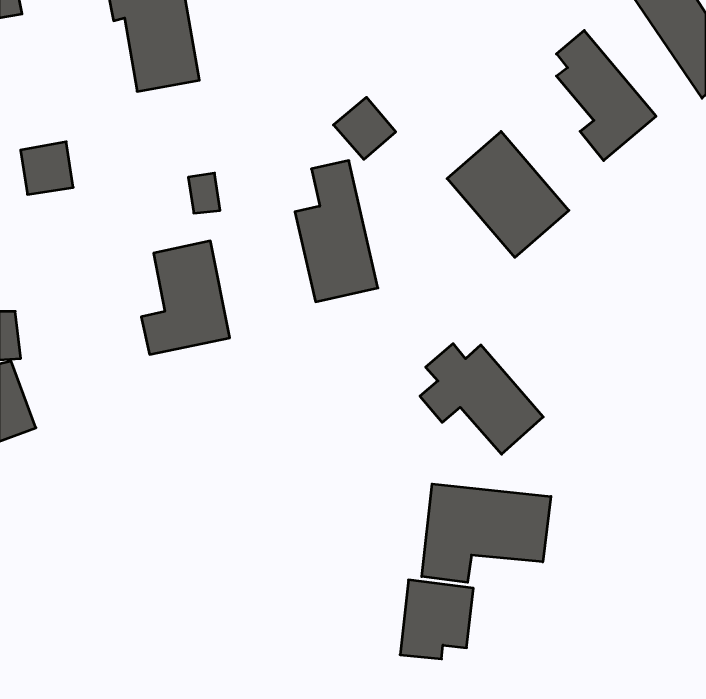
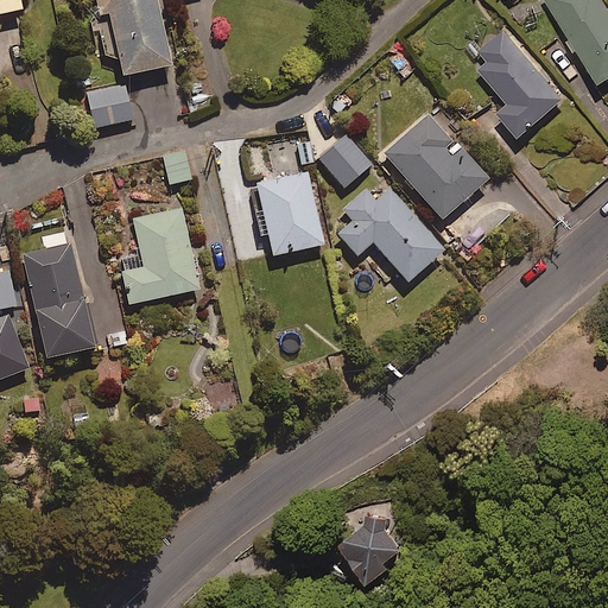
building: [333,97,396,159] -> [317,134,370,188]
building: [21,142,73,194] -> [84,82,129,127]
building: none -> [26,241,97,359]
building: [420,344,543,454] -> [336,189,442,284]
building: [422,484,551,582] -> none

